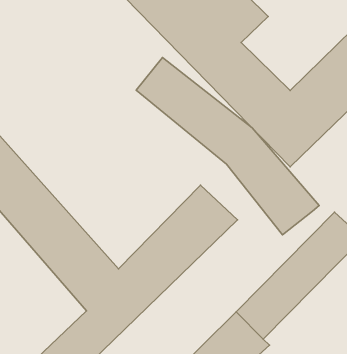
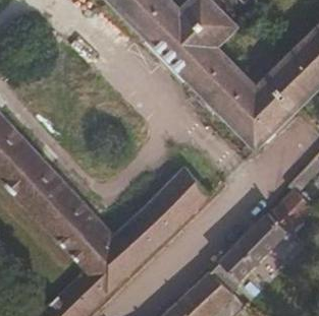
building: [136,57,319,235] -> none

